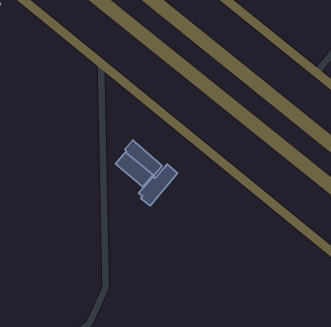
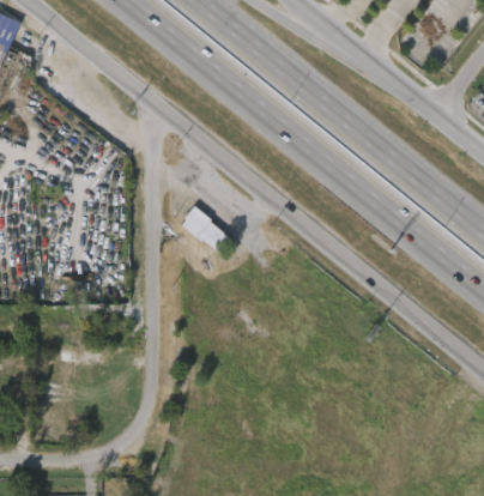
building: [138,164,177,206] -> none

